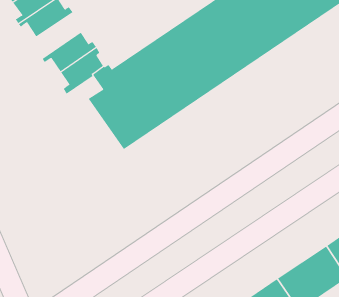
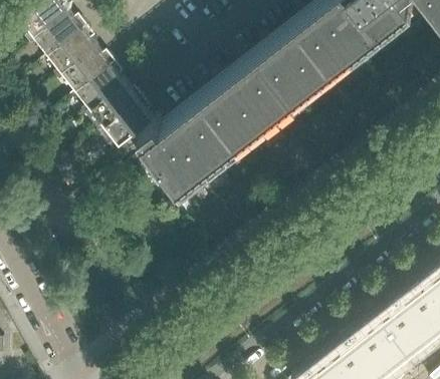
building: none -> [75,60,125,113]

